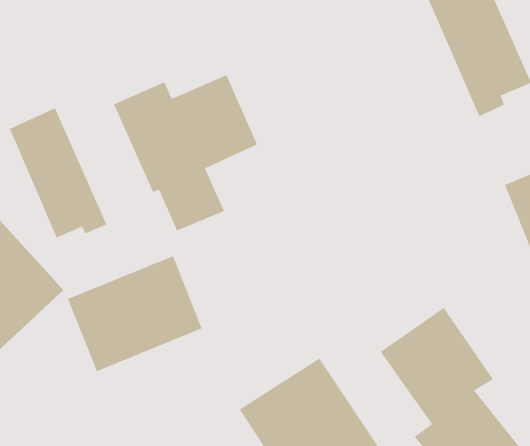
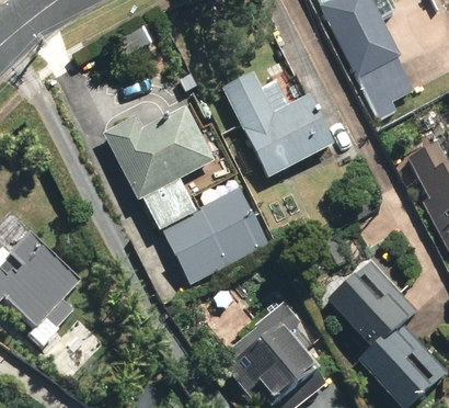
building: none -> [219,61,346,183]
building: [9,107,107,238] -> none
building: [67,256,203,372] -> [164,188,268,281]

